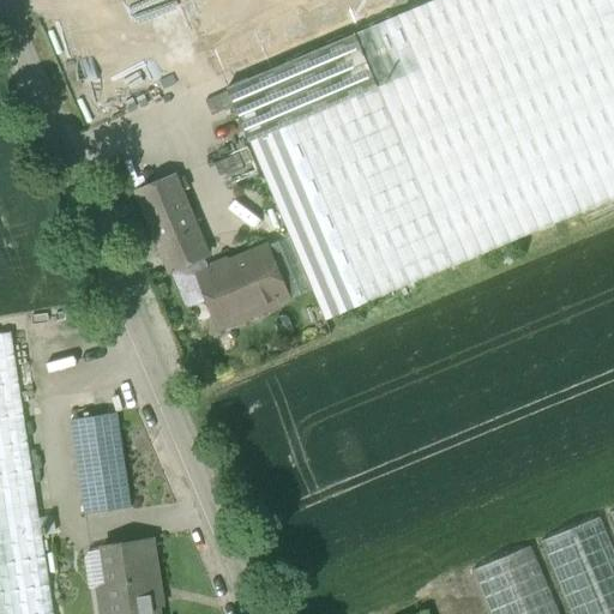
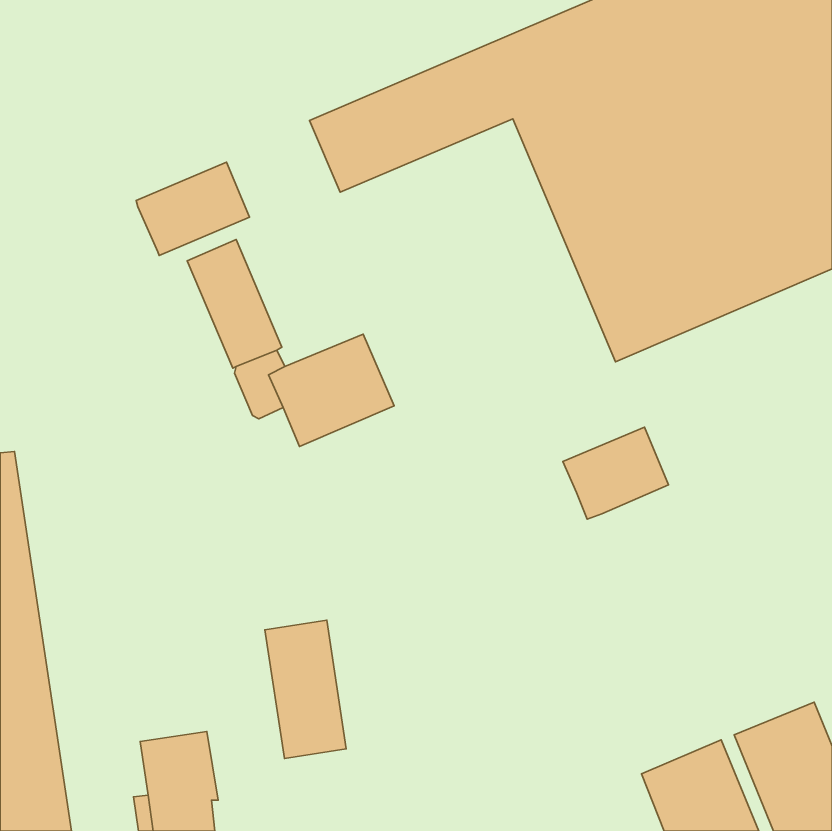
building: [251,88,453,320] -> none
building: none -> [136,162,249,256]
building: none -> [563,427,669,519]
building: [71,413,131,514] -> [265,620,346,759]

